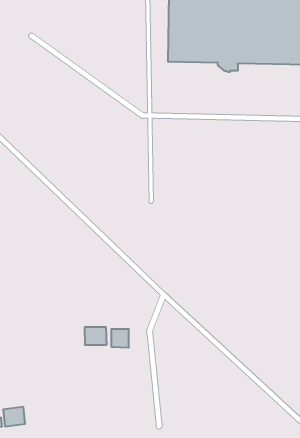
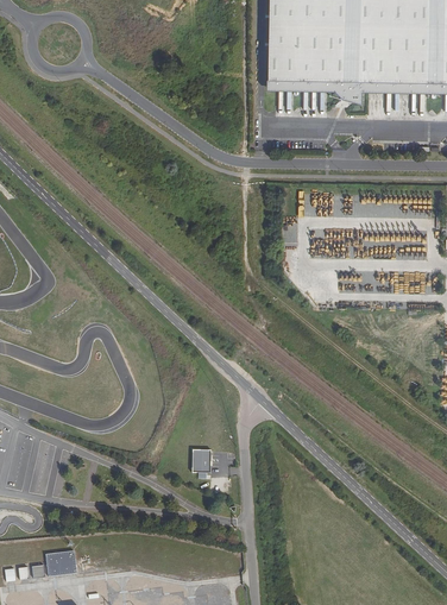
building: [85,327,106,345] -> none

